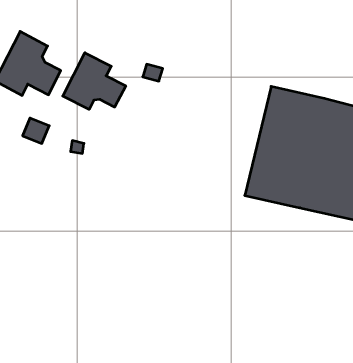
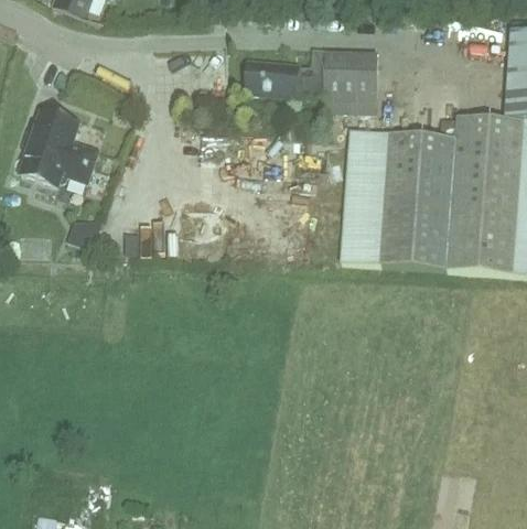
building: none -> [246,46,378,114]
building: [63,53,126,109] -> none

